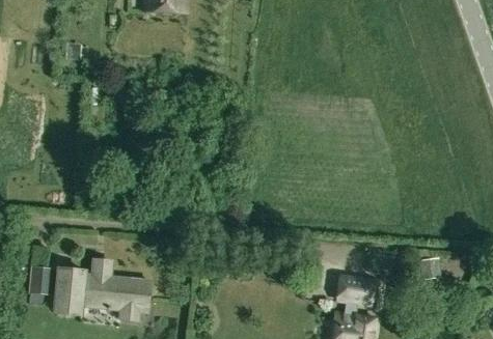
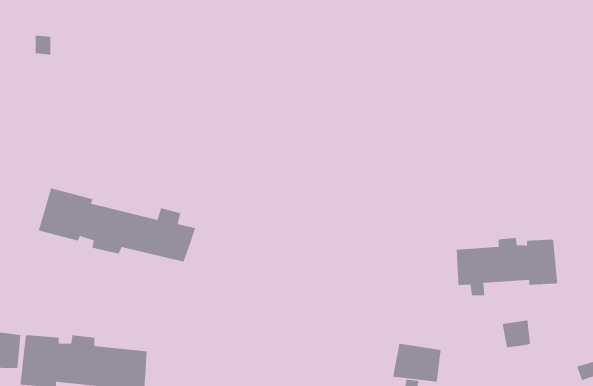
building: none -> [38,187,196,263]
building: none -> [456,237,558,296]

